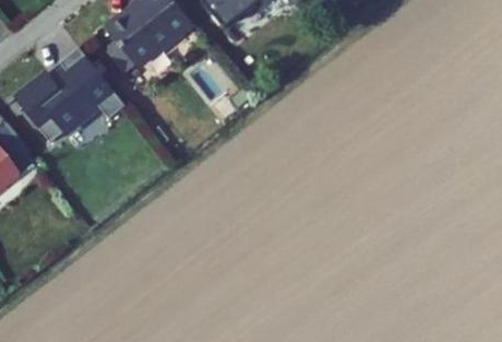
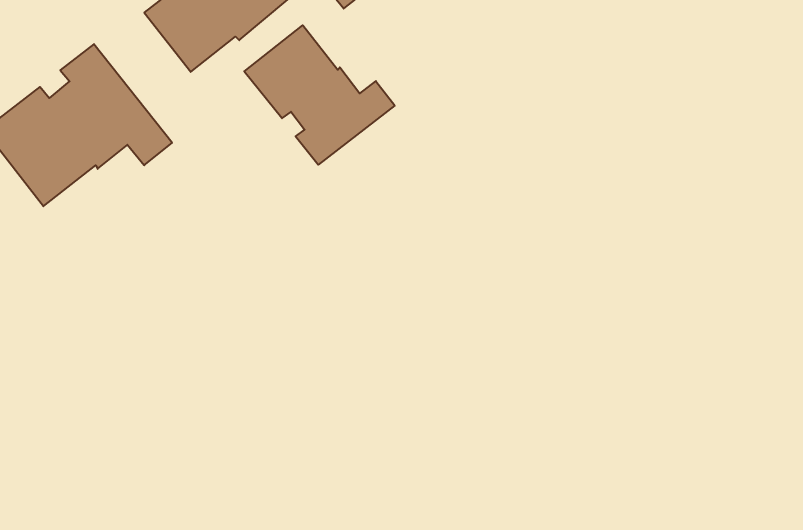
building: none -> [244,25,395,165]

